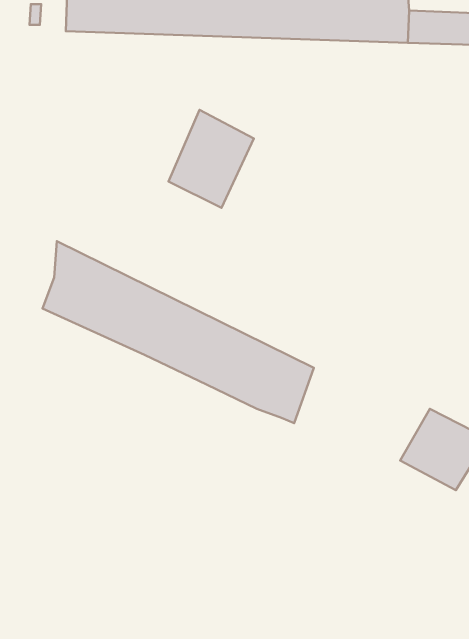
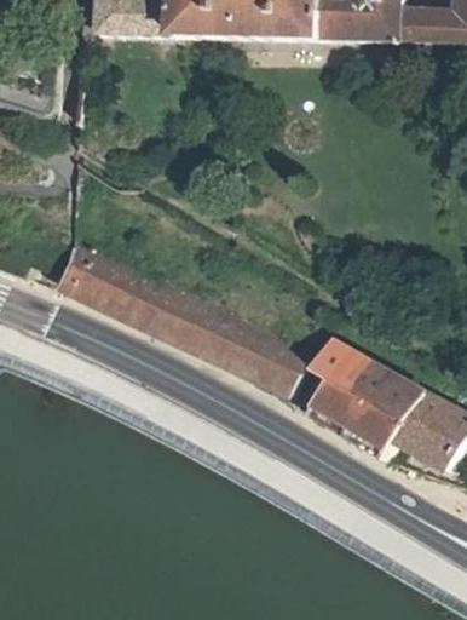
building: [168,110,254,208] -> none
building: none -> [293,334,421,454]

